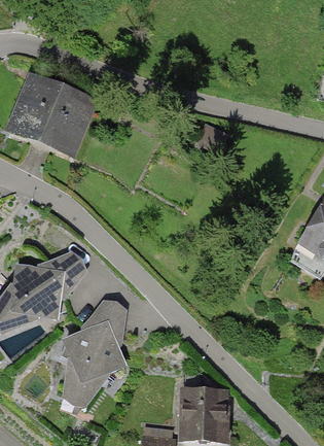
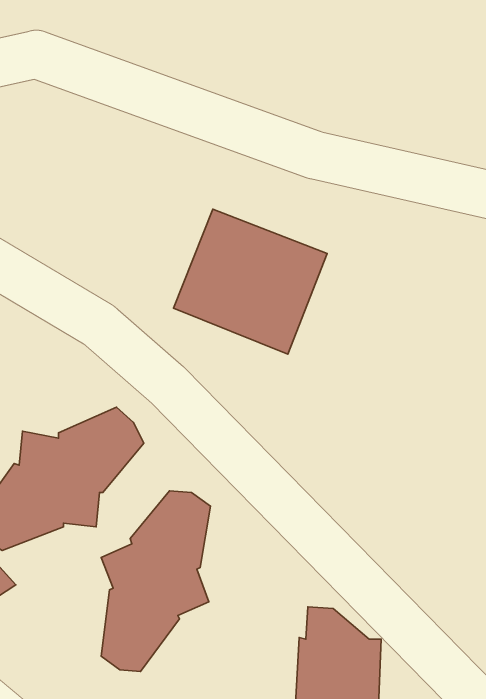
building: [5,72,98,160] -> [173,209,327,354]

